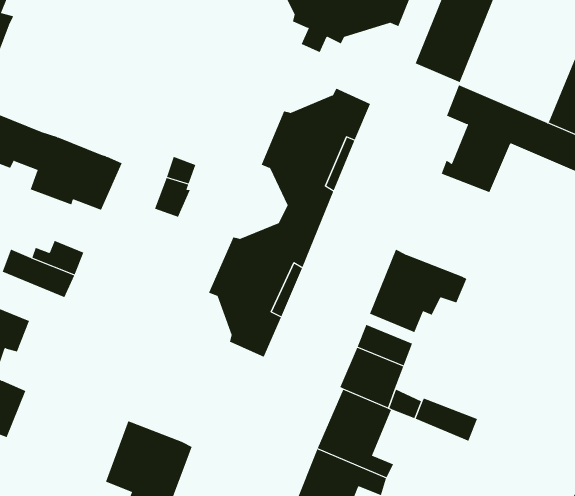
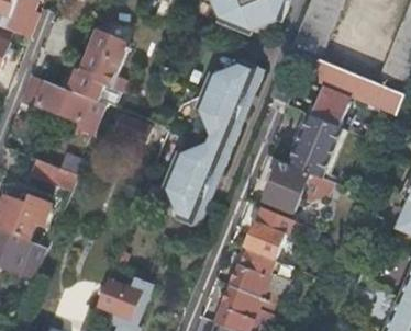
building: none -> [67,31,130,102]
building: none -> [286,113,343,178]

